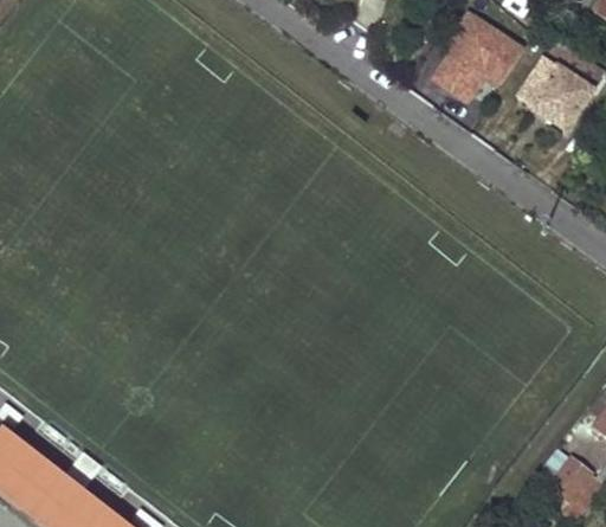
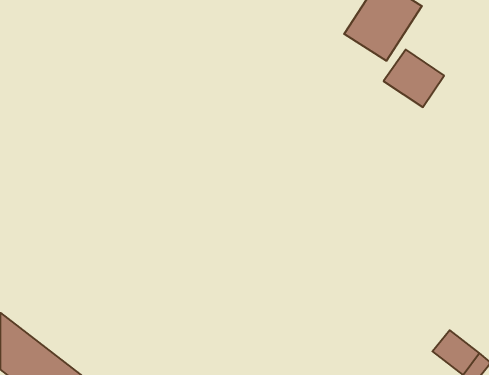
building: [517,56,592,127] -> [384,50,444,107]

